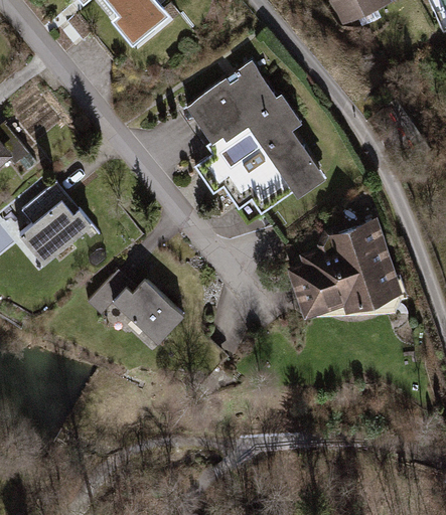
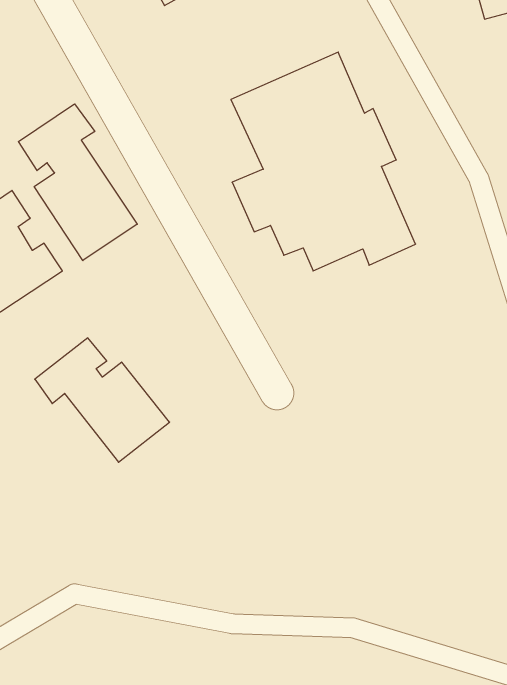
building: none -> [18,104,137,261]
building: [290,226,398,320] -> none

